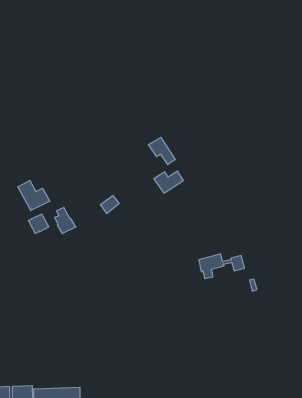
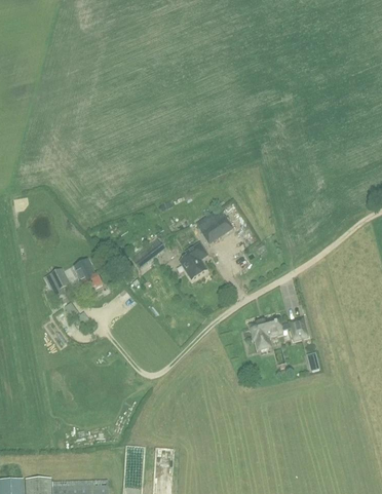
building: [148,137,175,165] -> none
building: [18,180,50,211] -> none
building: none -> [181,243,206,279]

